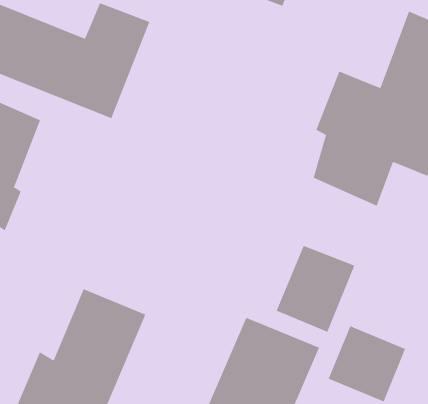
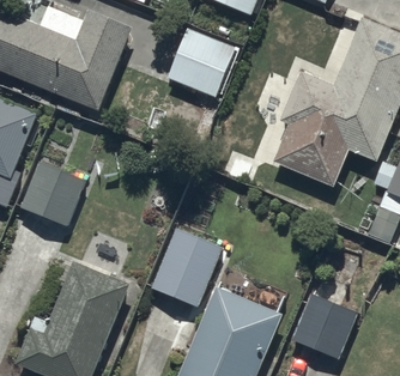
building: none -> [168,26,241,99]
building: none -> [19,162,85,226]
building: [276,245,355,333] -> [151,229,220,305]

